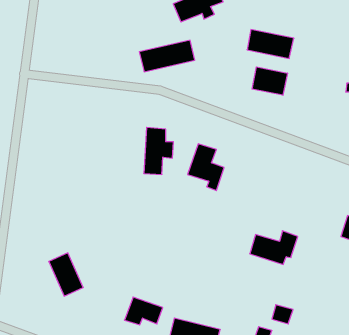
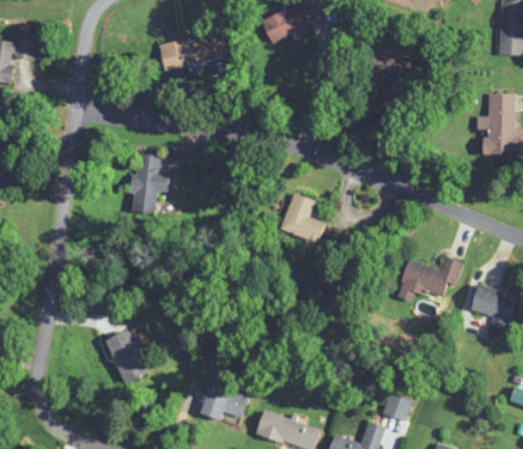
building: [139,40,195,72] -> [158,31,227,71]
building: [252,67,287,95] -> none
building: [144,127,173,174] -> [132,153,169,212]
building: [250,231,298,264] -> [401,255,461,297]

